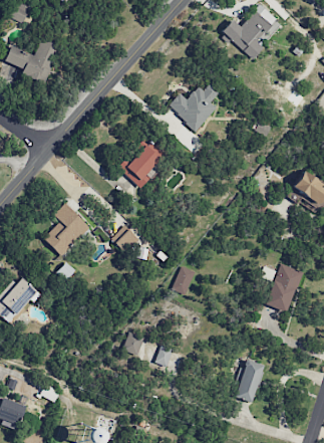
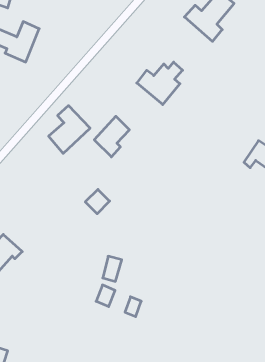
building: [44,203,90,256] -> [49,106,90,153]
building: [265,263,303,312] -> none
building: [174,266,195,294] -> [103,256,122,281]
building: [234,359,264,403] -> none

